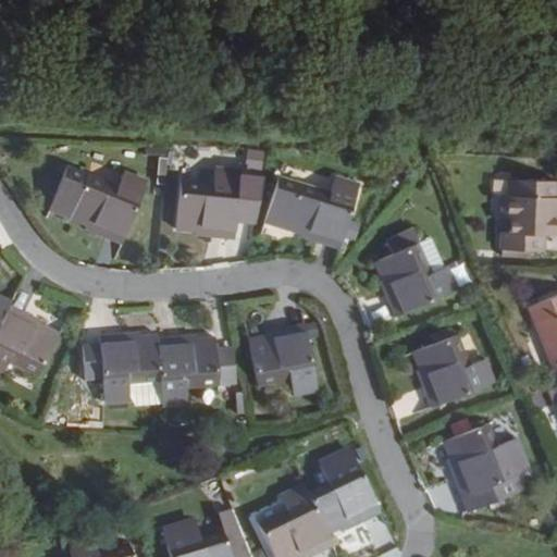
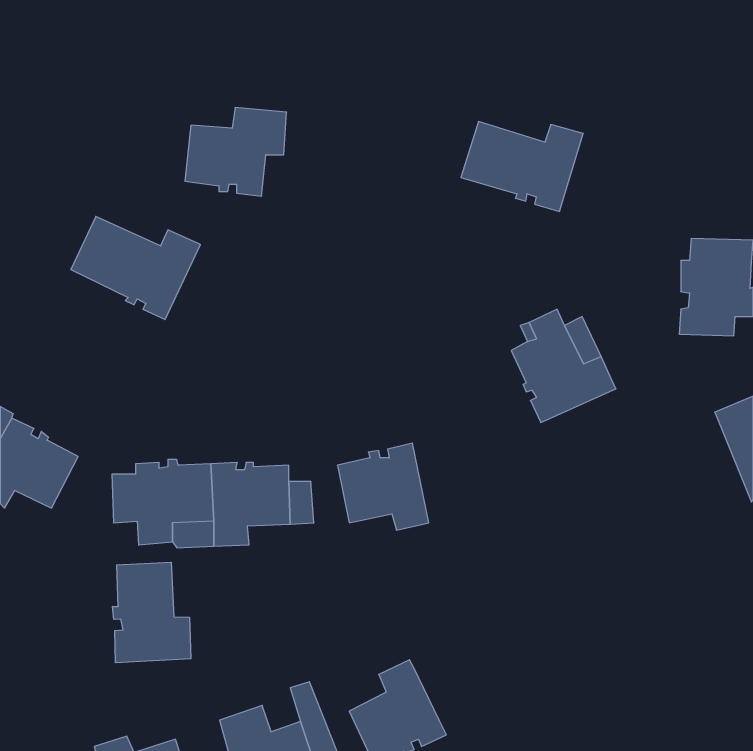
building: [175,171,250,236] -> [185,108,287,196]
building: [268,176,358,243] -> [461,122,583,211]
building: [416,336,491,406] -> none
building: none -> [113,562,191,663]
building: [444,426,524,510] -> none
building: [306,451,376,533] -> none

